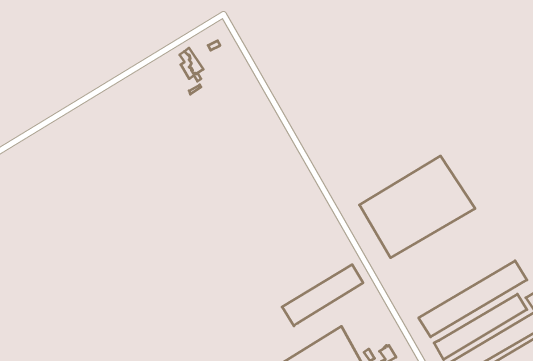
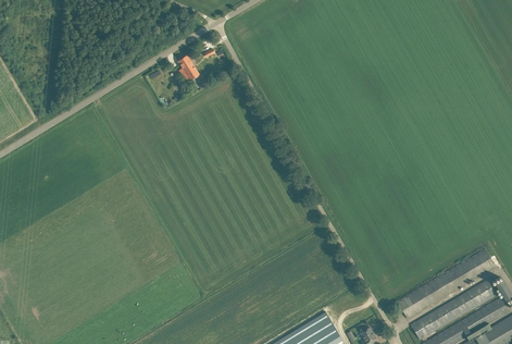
building: [359,156,475,258] -> none
building: [282,265,363,326] -> none

